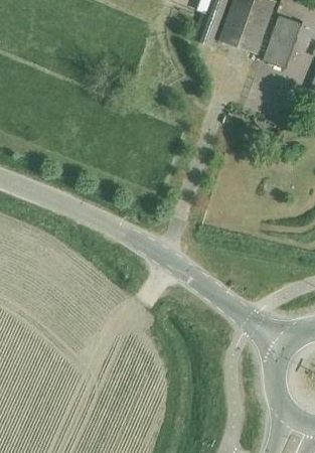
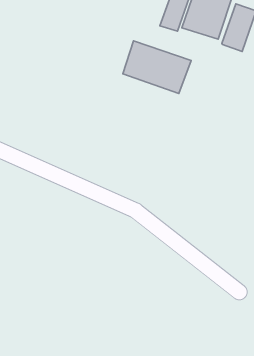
building: none -> [123,41,191,94]

